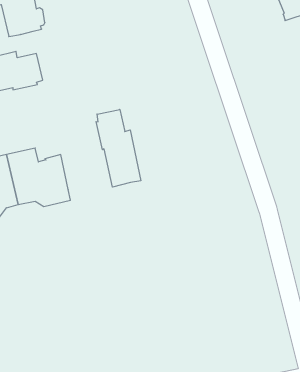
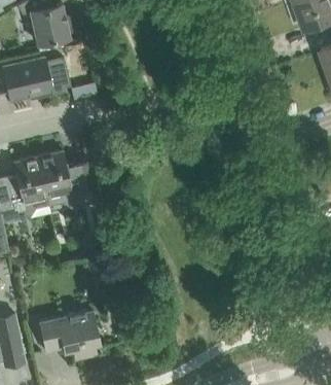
building: [96,109,141,187] -> none
building: none -> [36,311,97,360]

